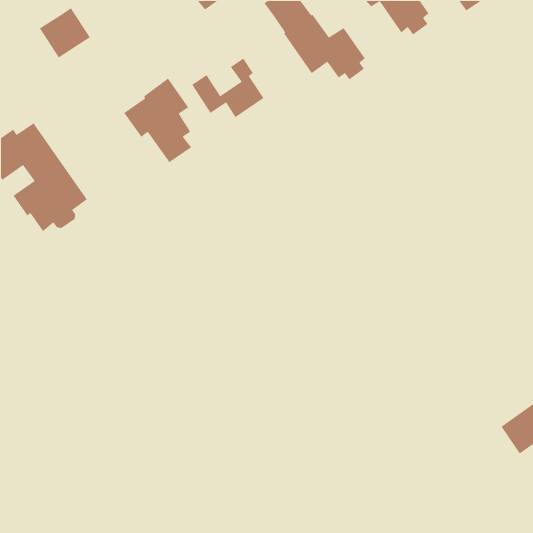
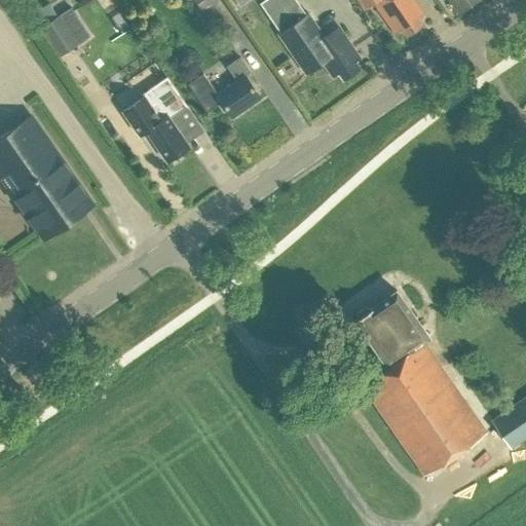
building: none -> [355,291,487,476]

